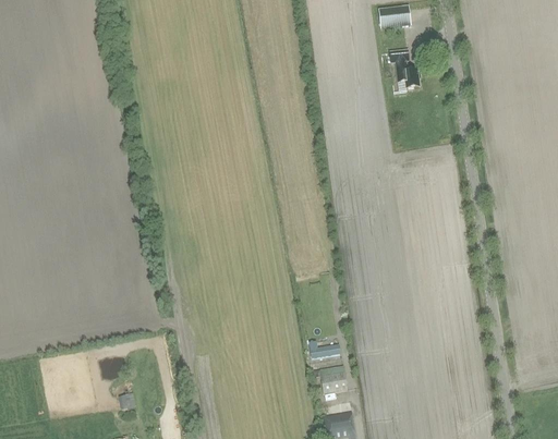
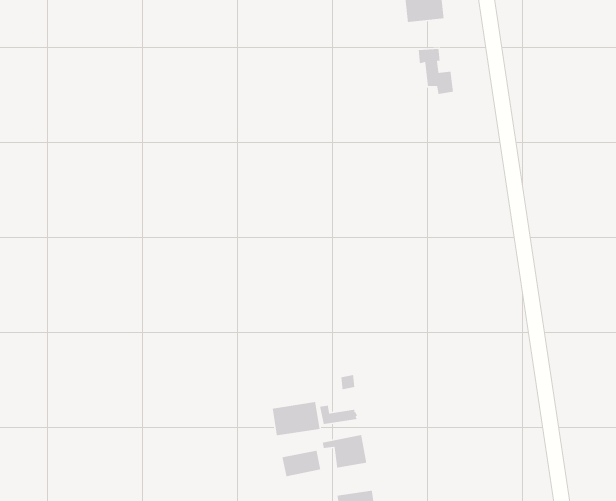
building: none -> [272,401,320,436]
building: none -> [282,450,321,477]

